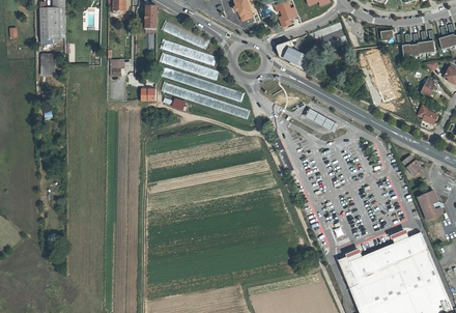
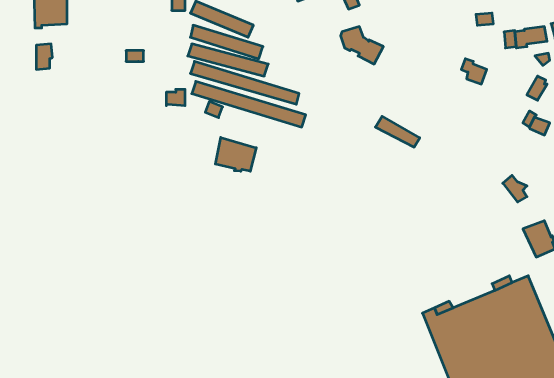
building: none -> [215,137,256,171]

